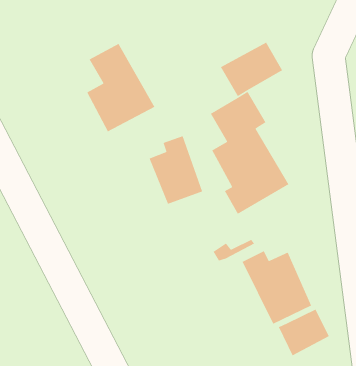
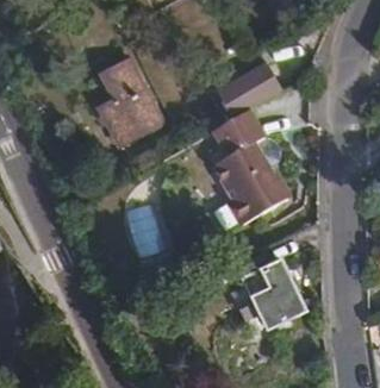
building: [149,135,203,205] -> none
building: [278,308,330,357] -> none

